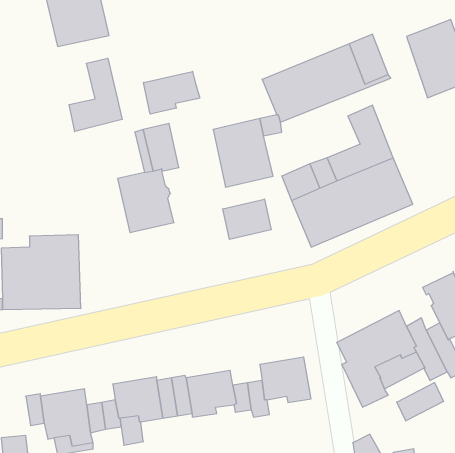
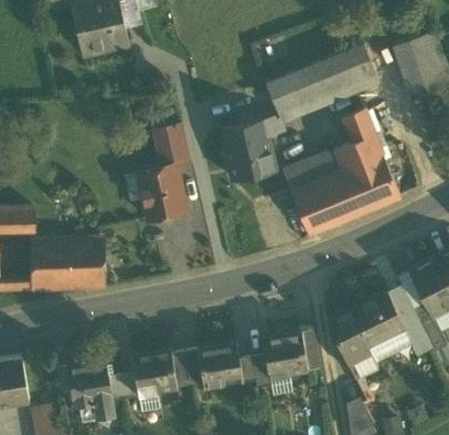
building: [69,58,122,132] -> none
building: [144,71,200,114] -> none
building: [223,199,271,239] -> none
building: [397,383,444,421] -> none

